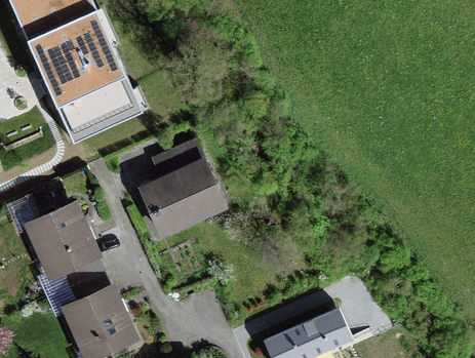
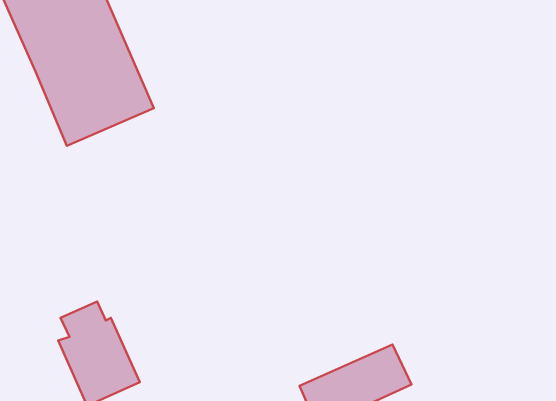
building: [140,142,216,234] -> none
building: [30,203,97,286] -> none

